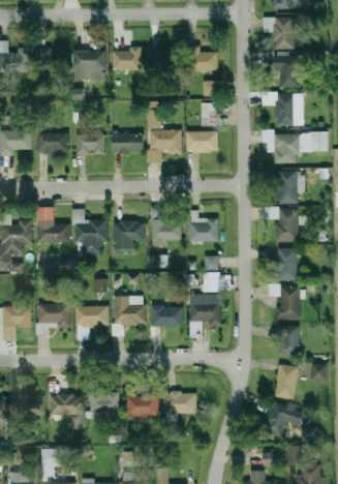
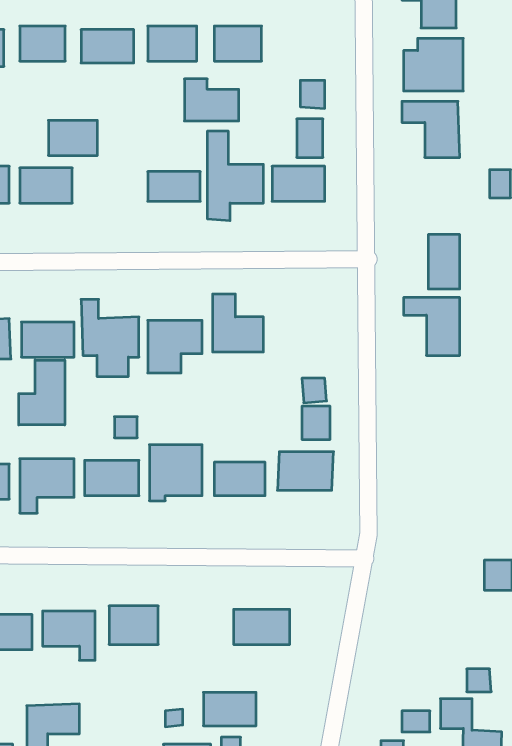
building: [186,46,218,70] -> [184,79,239,121]
building: [75,133,104,154] -> [48,120,97,155]
building: [274,133,302,163] -> none
building: [189,217,218,241] -> none
building: none -> [19,360,65,425]
building: [276,248,297,279] -> none
building: [279,285,300,319] -> none
building: [278,325,300,354] -> none
building: [274,363,299,399] -> none
building: [127,395,158,415] -> [203,692,256,726]
building: [267,405,300,434] -> none

